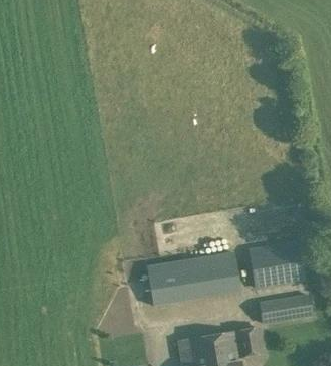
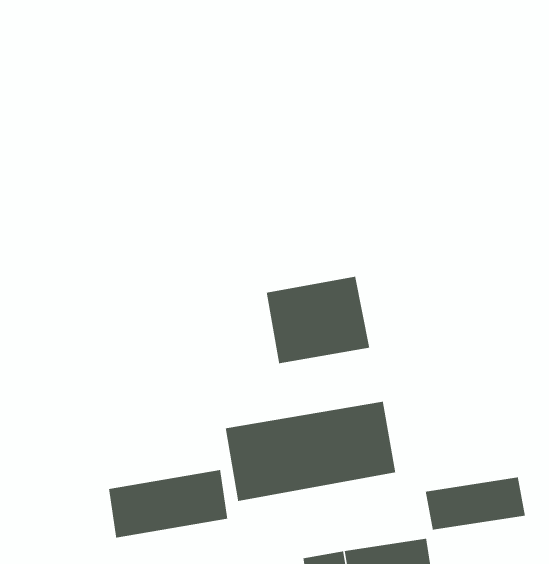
building: [249,239,307,289] -> [266,276,370,364]
building: none -> [108,469,228,538]

